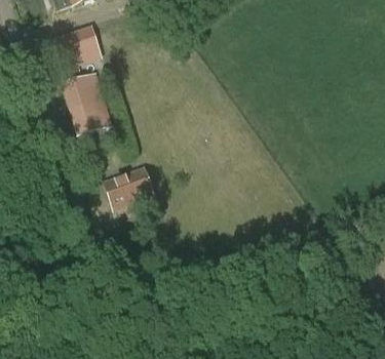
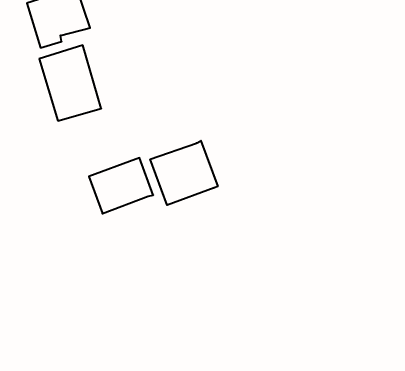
building: none -> [150,141,218,205]

